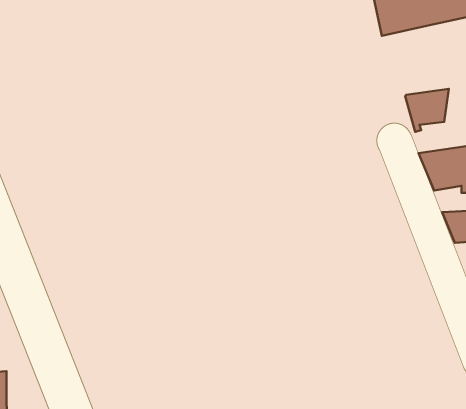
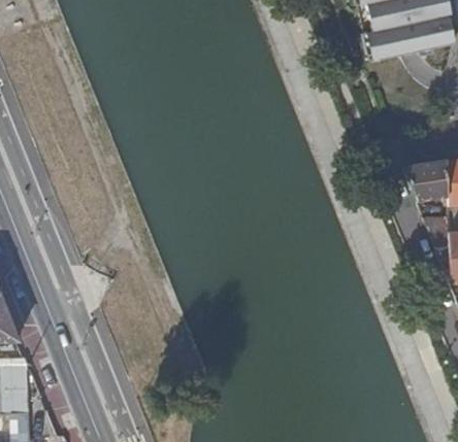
building: [405,89,449,132] -> none

